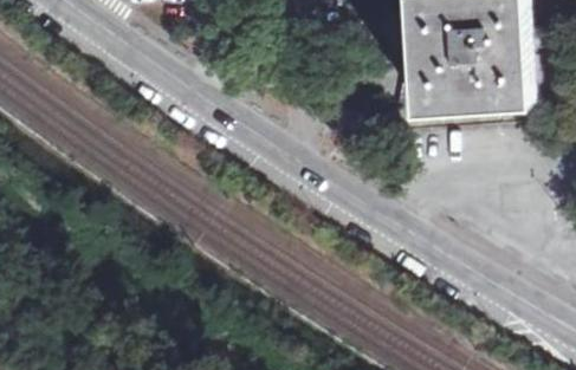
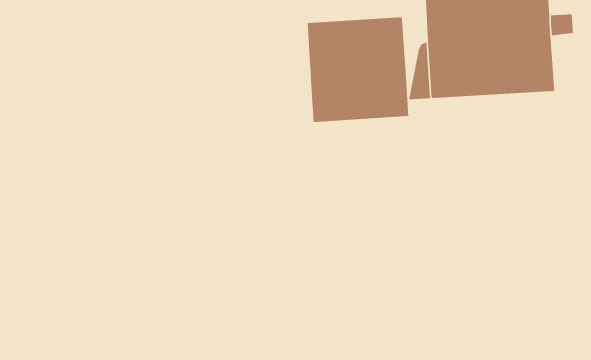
building: none -> [307,16,409,123]

